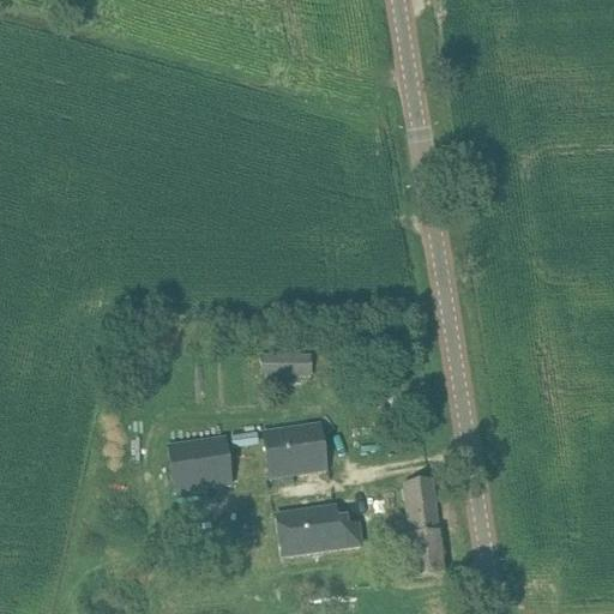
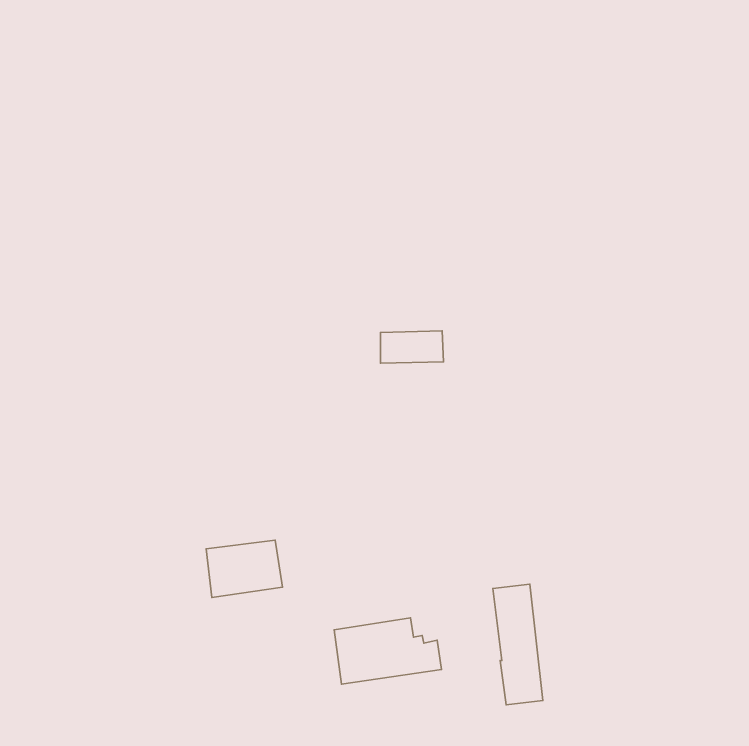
building: [260,348,312,374] -> [380,331,444,363]
building: [261,422,327,477] -> none

